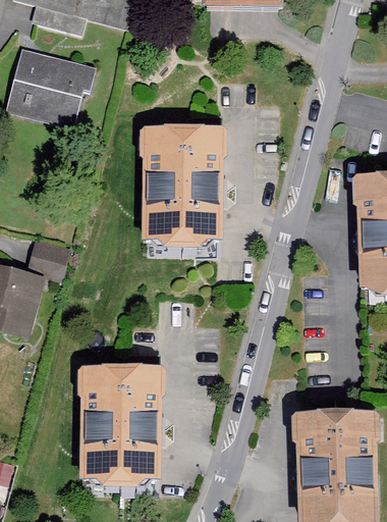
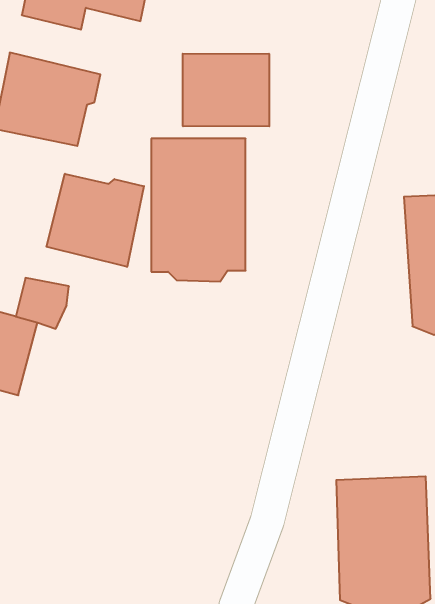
building: none -> [183,54,269,126]
building: none -> [46,174,144,267]
building: [78,361,164,482] -> none

